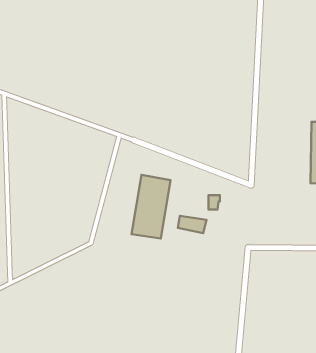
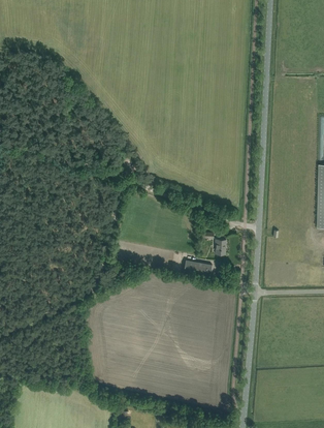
building: [131,175,171,238] -> none

